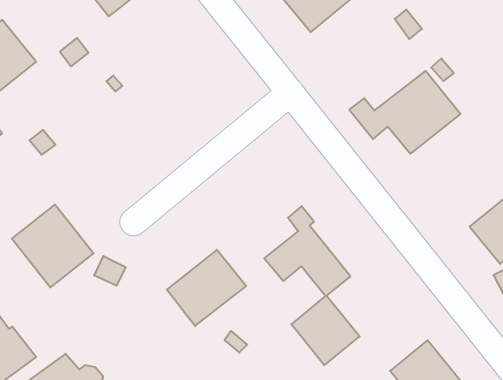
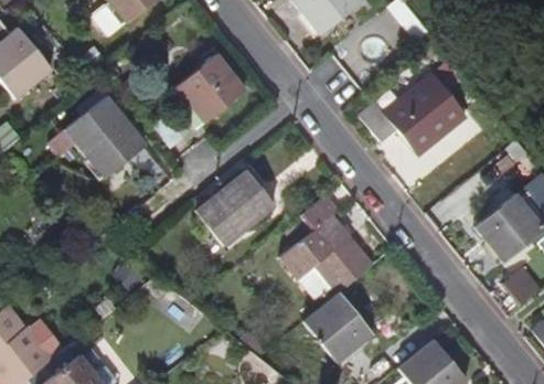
building: none -> [177,56,247,126]
building: [12,205,94,287] -> [66,97,146,178]
building: [167,250,246,326] -> [196,171,274,245]

